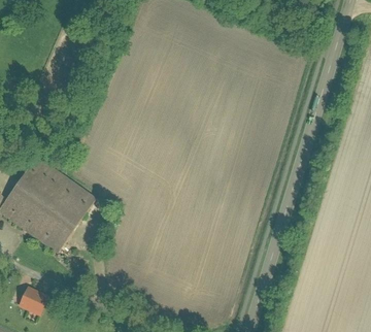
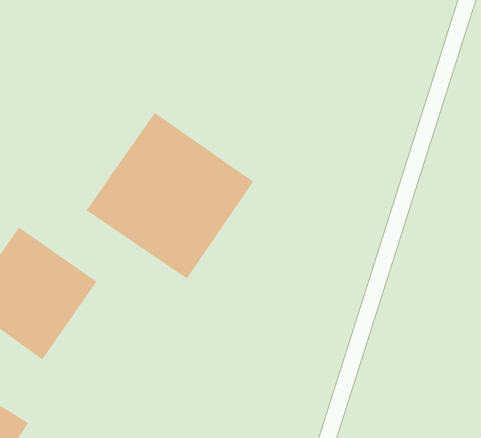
building: none -> [85,112,254,280]

